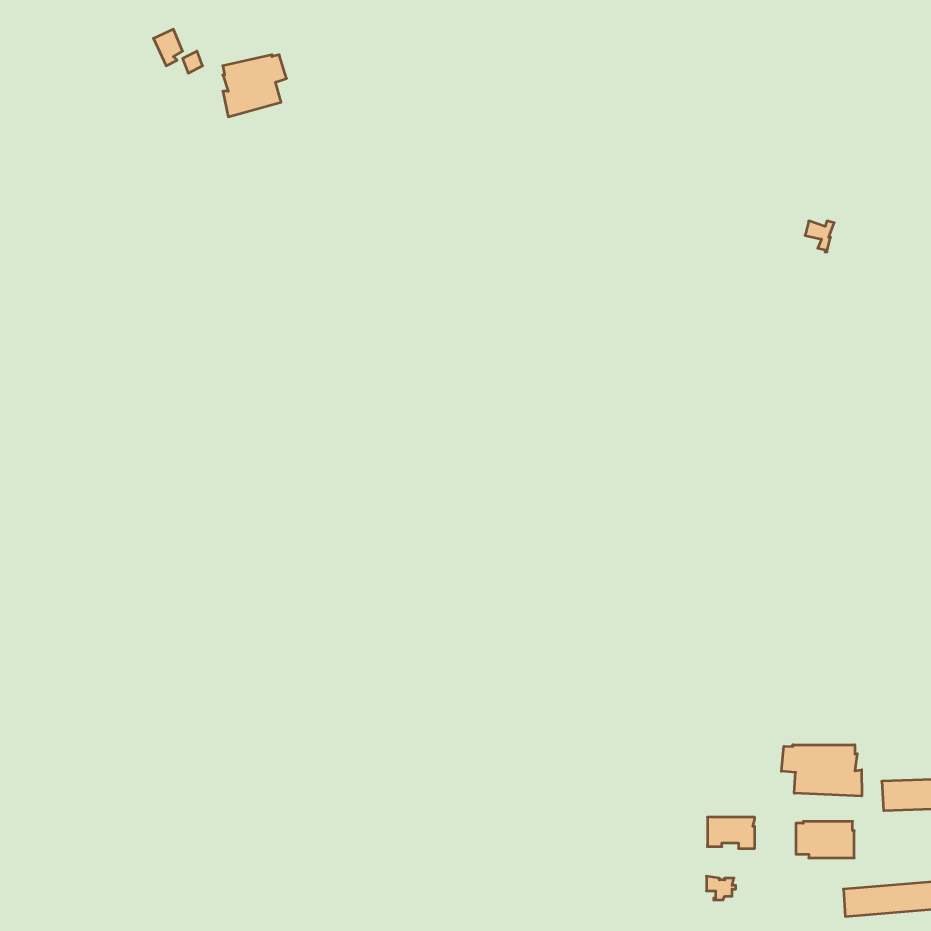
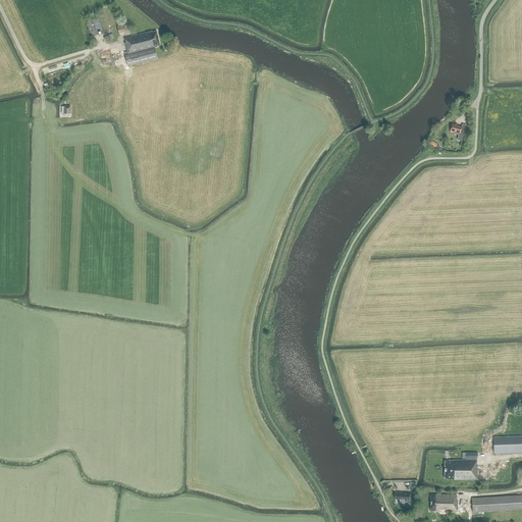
building: [781,745,862,796] -> none
building: [707,817,755,848] -> [431,493,458,511]

